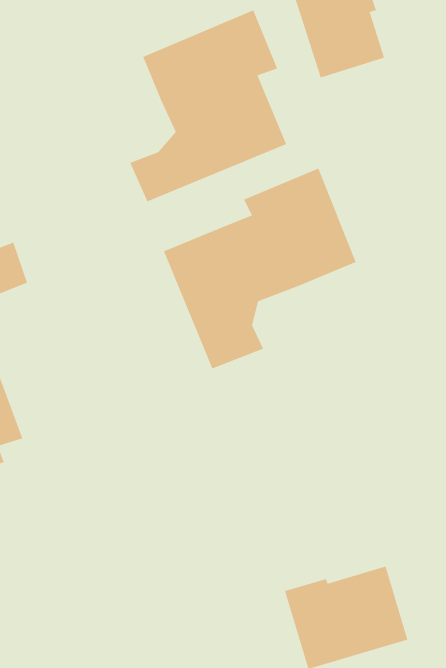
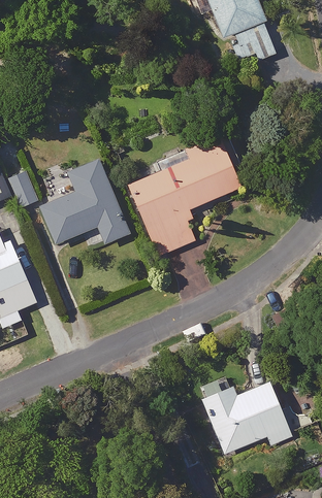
building: [129,10,287,202] -> none
building: none -> [39,158,131,245]

